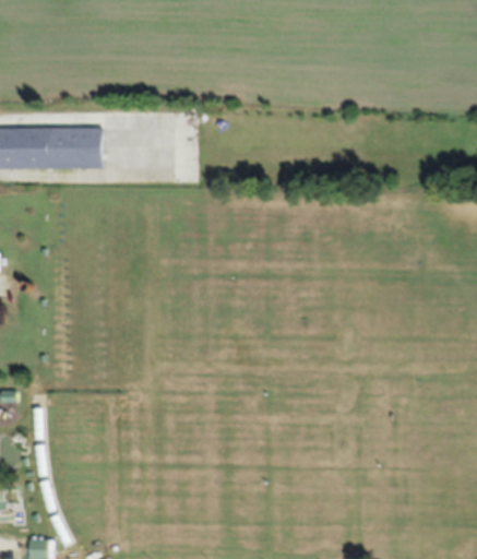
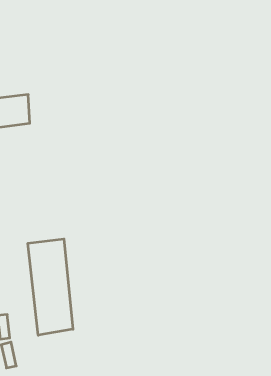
building: none -> [28,239,73,335]

